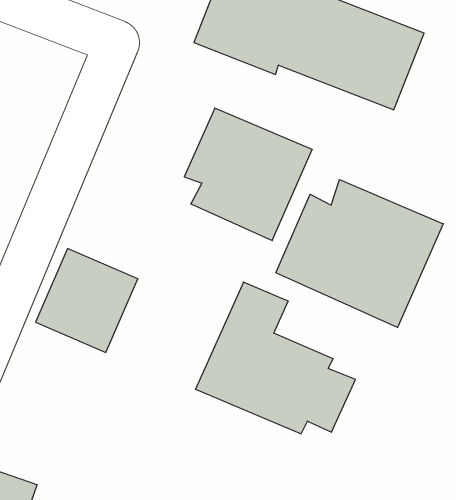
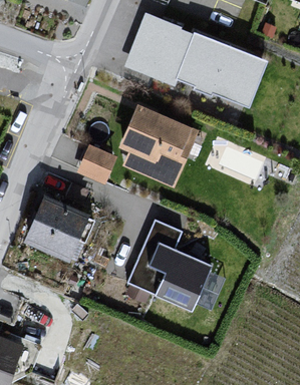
building: none -> [77,145,117,184]
building: [276,180,443,327] -> none

